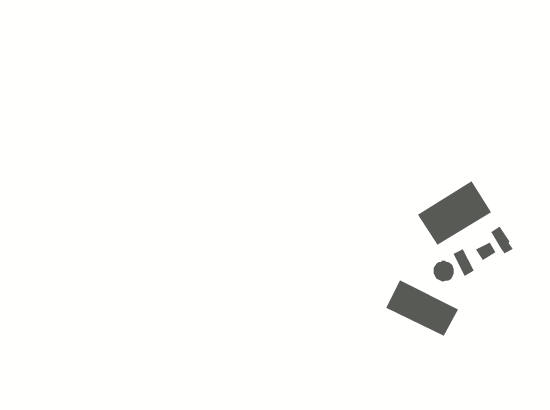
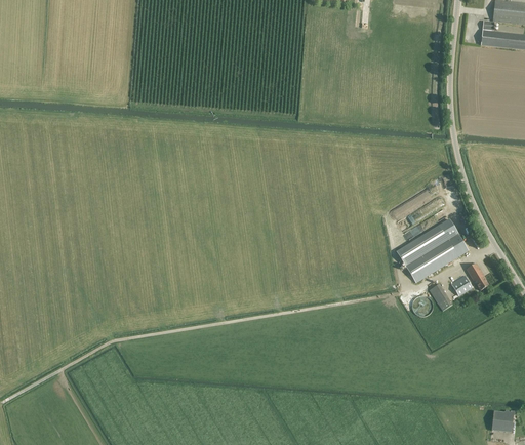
building: [385,279,459,337] -> none
building: none -> [487,409,515,431]

